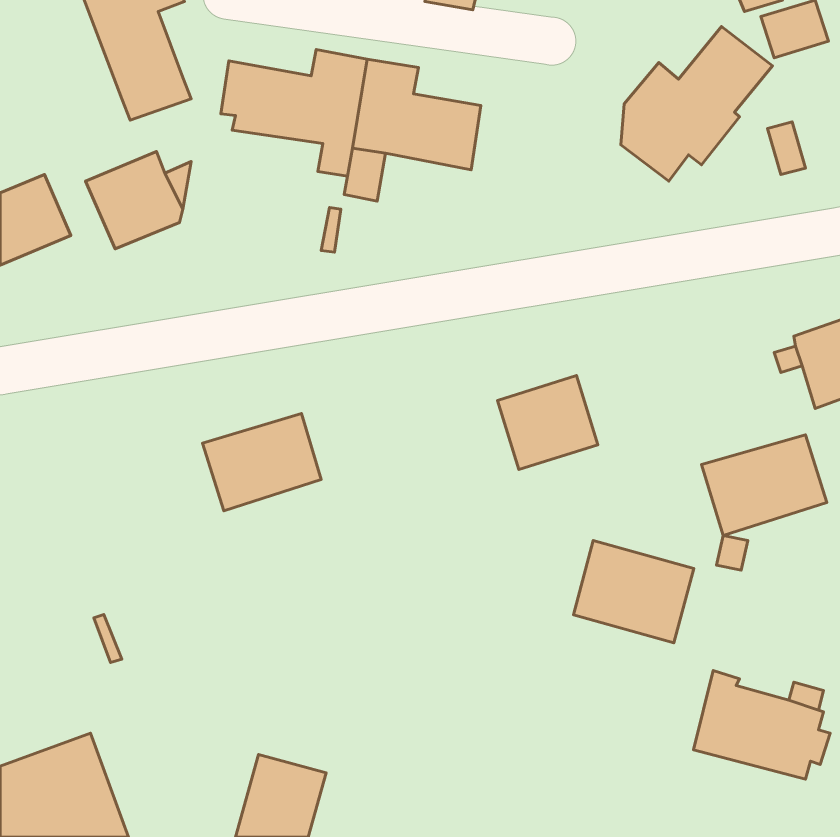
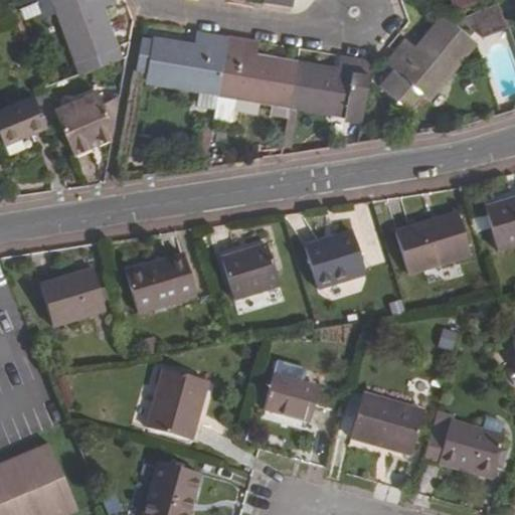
building: none -> [289,55,370,118]
building: none -> [222,242,281,299]
building: [702,435,827,535] -> [395,211,472,273]
building: none -> [40,268,107,325]
building: [573,541,694,643] -> [351,391,424,454]
building: none -> [148,368,207,439]
building: none -> [265,373,321,419]

